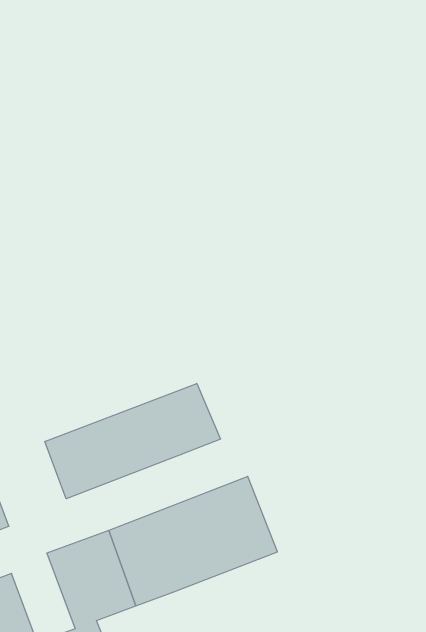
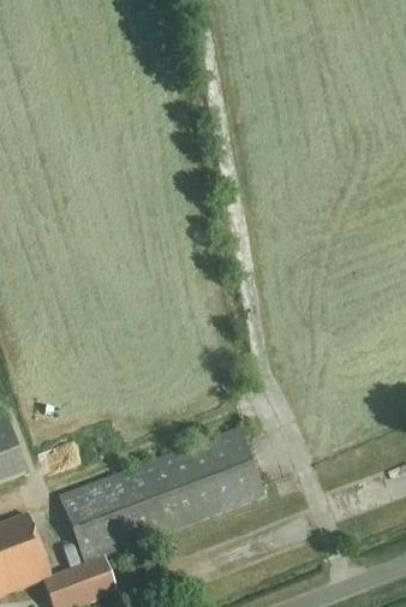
building: [45,383,220,499] -> none

